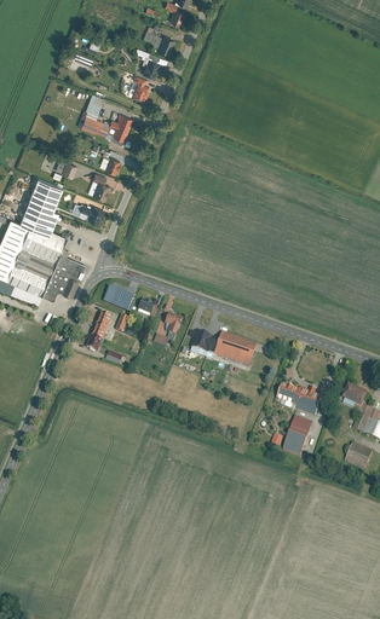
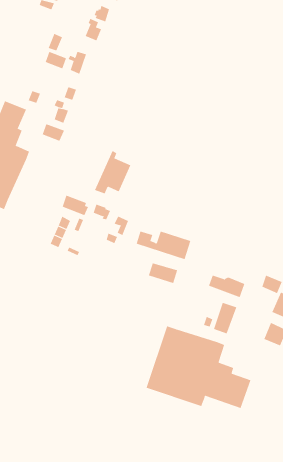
building: [38,244,82,297] -> [94,150,131,194]
building: none -> [148,262,178,284]
building: none -> [146,325,251,409]

